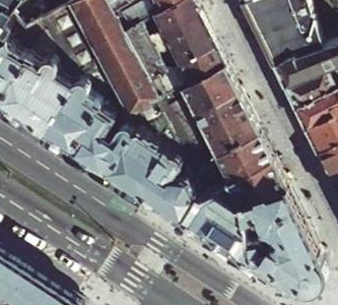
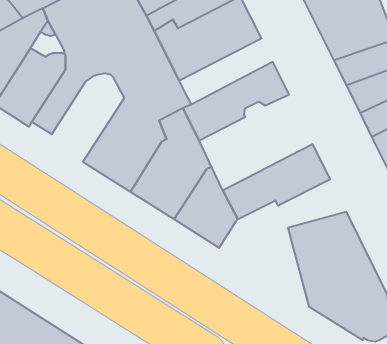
building: [150,52,226,103] -> none
building: [45,80,106,152] -> none
building: [166,98,259,176] -> none
building: [183,167,286,270] -> none

